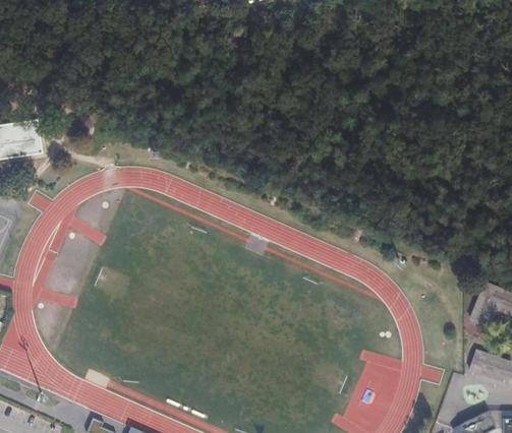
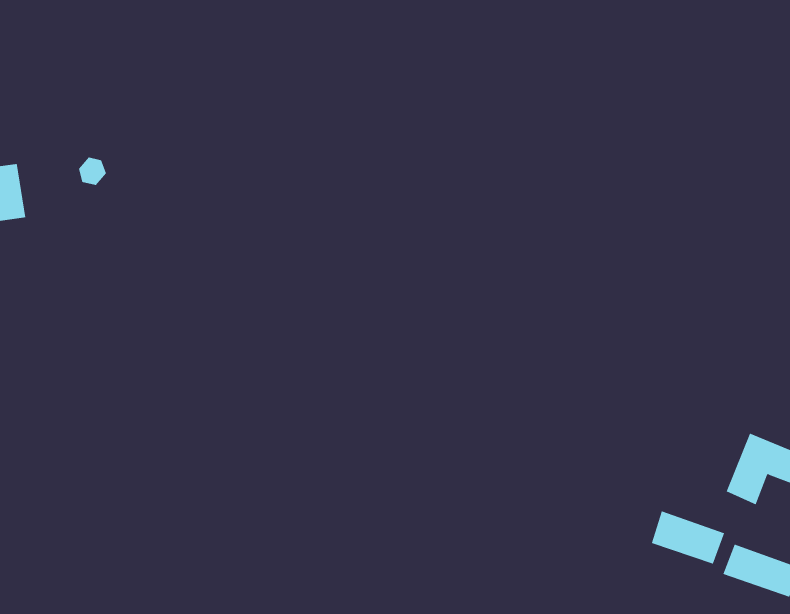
building: none -> [651,511,725,565]

